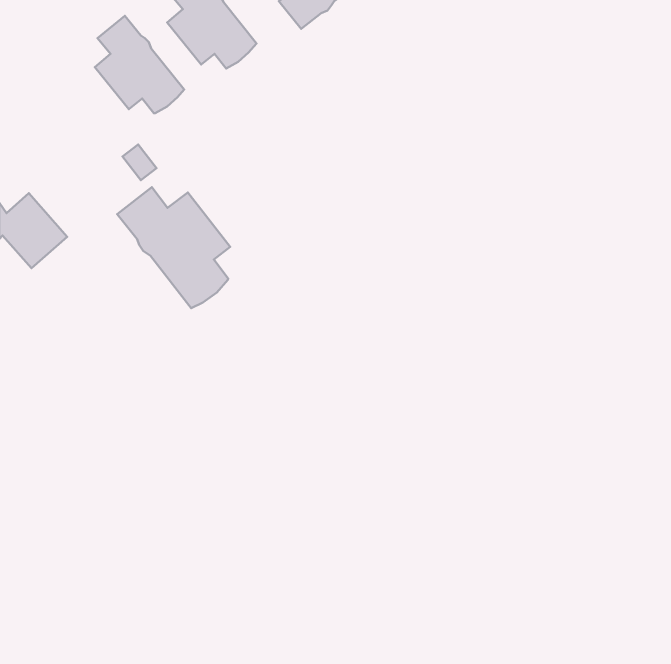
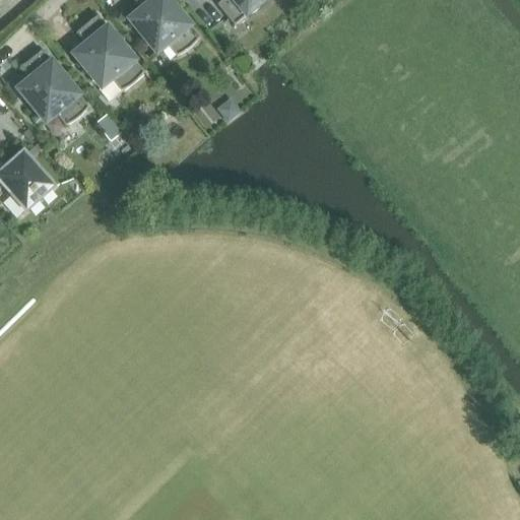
building: none -> [18,47,87,123]
building: [117,187,230,308] -> none

